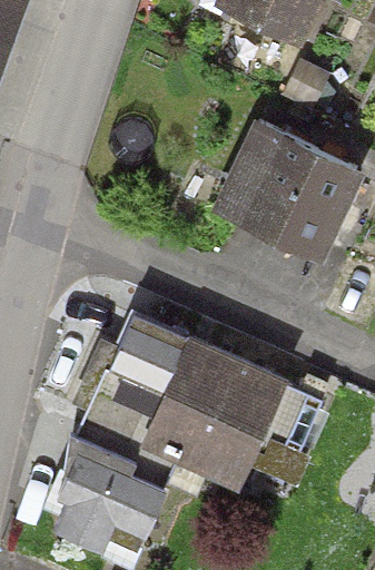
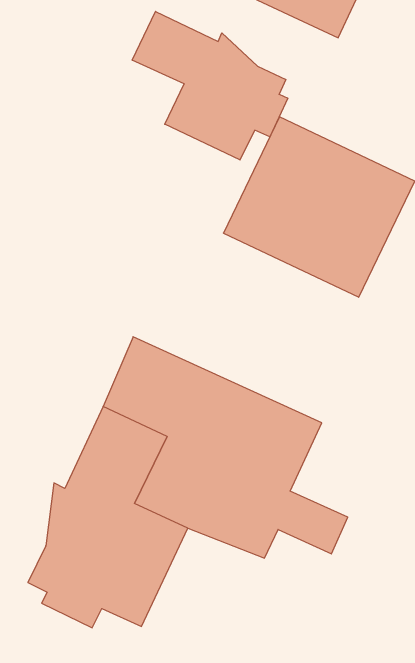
building: none -> [132,11,288,160]

